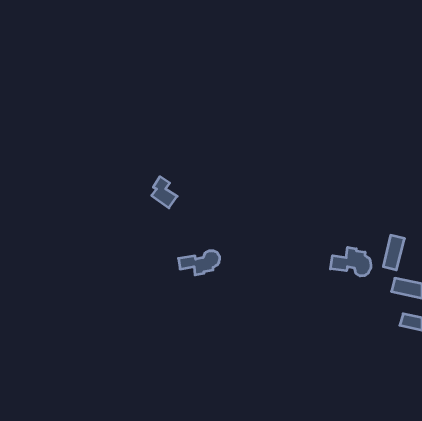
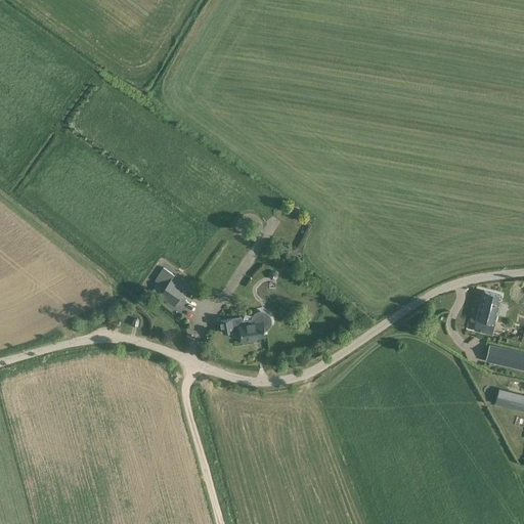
building: [152,177,177,208] -> [151,268,183,307]
building: [330,247,371,276] -> none

